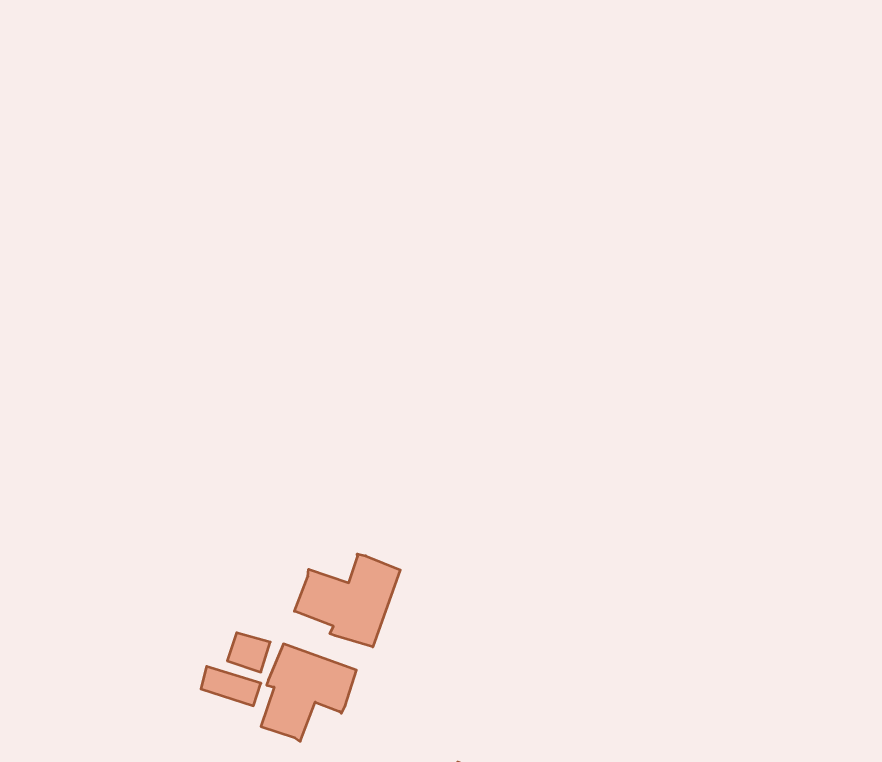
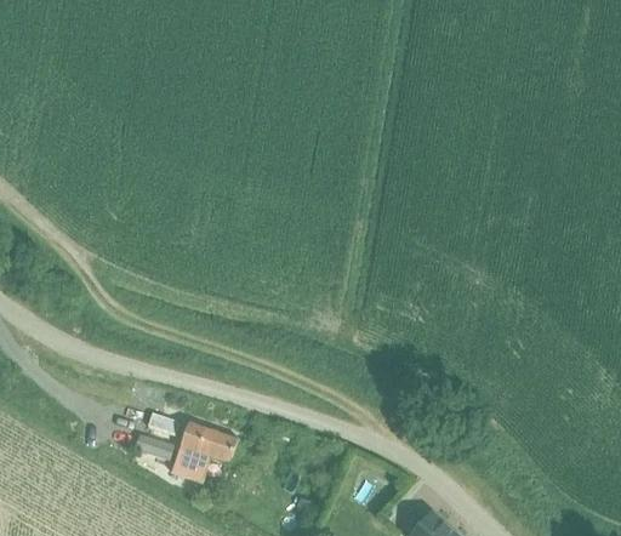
building: [294,554,400,647] -> none

